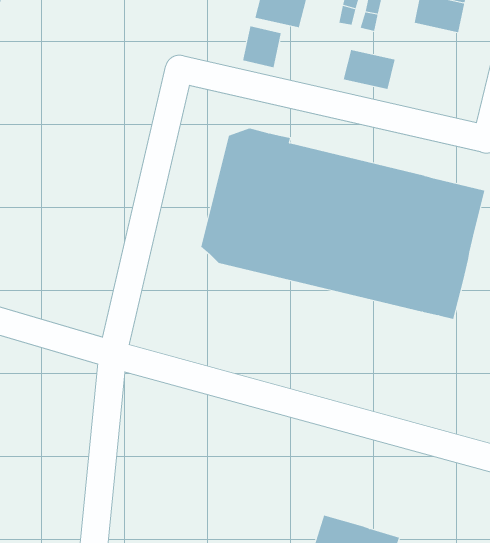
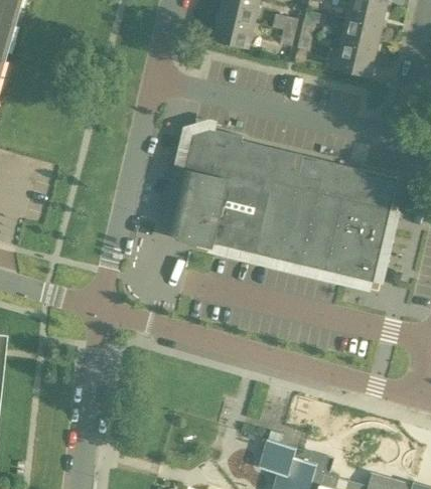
building: [242,25,282,68] -> none
building: [343,49,396,90] -> [335,44,378,76]

